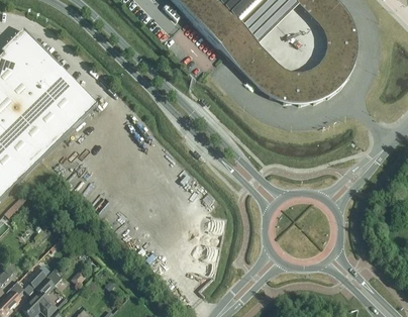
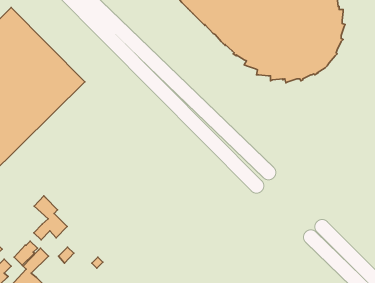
building: none -> [34,196,67,240]

